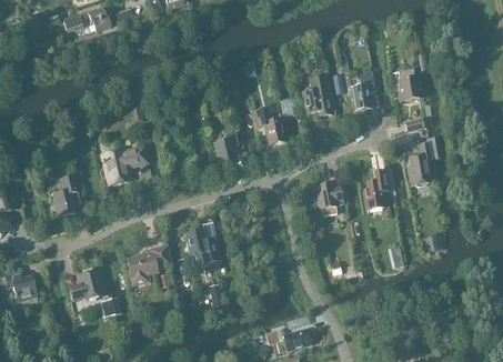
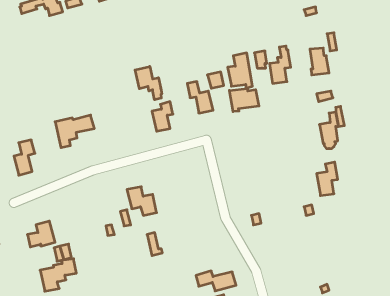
building: none -> [135,66,162,100]
building: none -> [229,89,259,112]
building: [363,170,388,209] -> [317,162,338,196]
building: [316,183,343,215] -> none
building: [127,247,169,284] -> [40,259,76,291]

